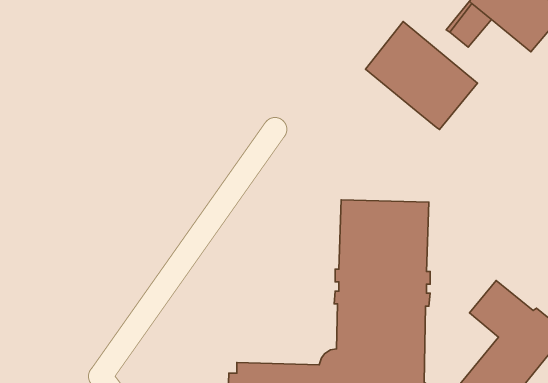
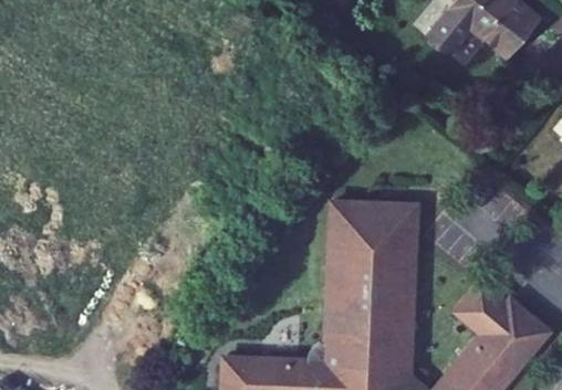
building: [365,21,478,129] -> none

